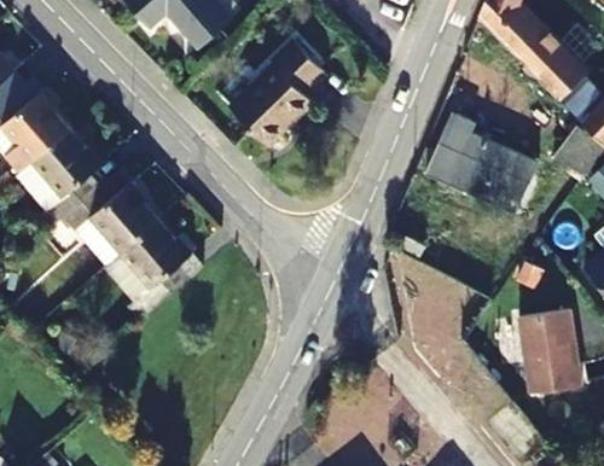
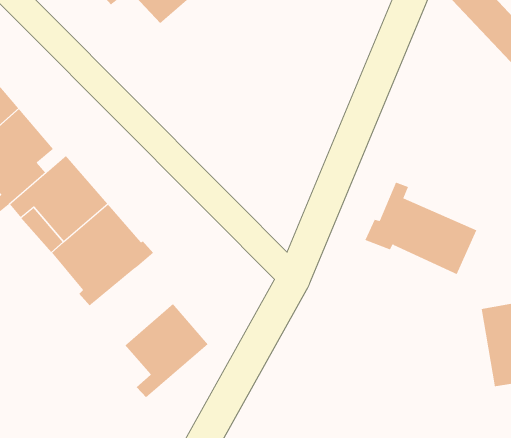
building: [228,43,321,147] -> none
building: [428,116,538,206] -> [364,182,477,275]
building: none -> [125,303,208,398]

